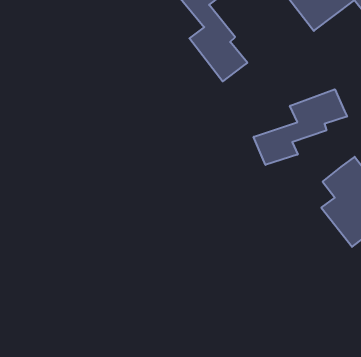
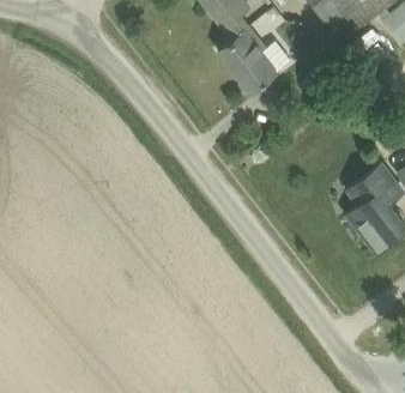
building: [254,89,347,165] -> none

